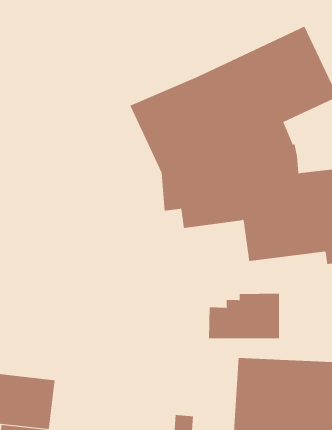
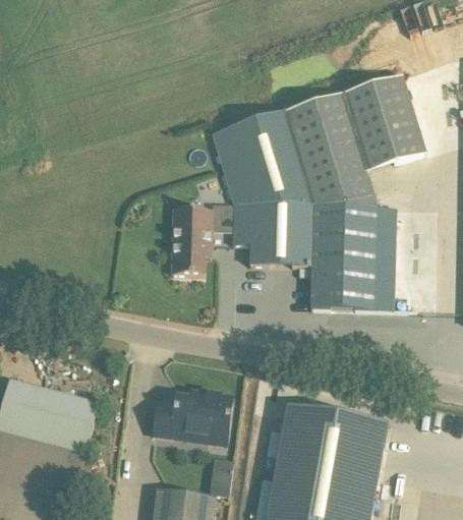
building: none -> [172,210,212,273]
building: [208,293,280,339] -> [154,391,233,443]

